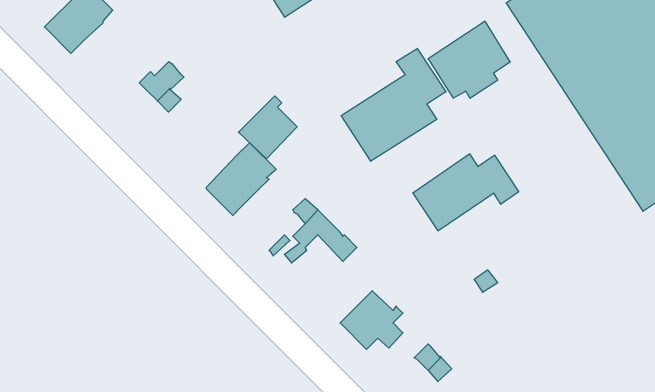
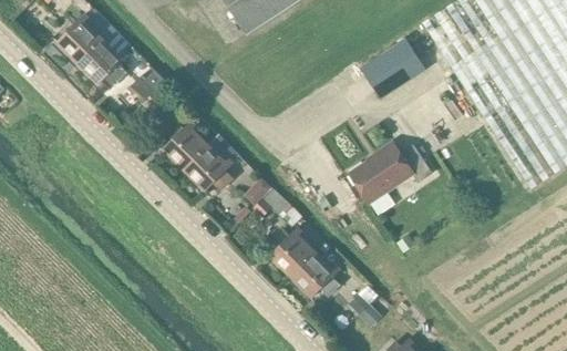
building: none -> [78,25,132,90]
building: [341,48,446,161] -> none
building: [238,96,297,159] -> [163,118,209,168]
building: none -> [269,226,317,276]

